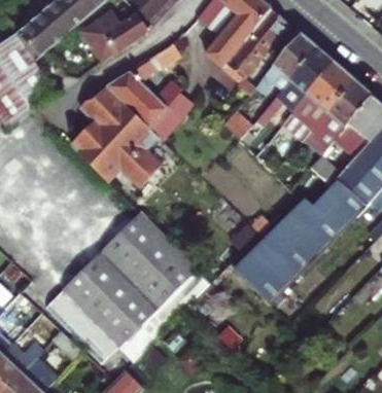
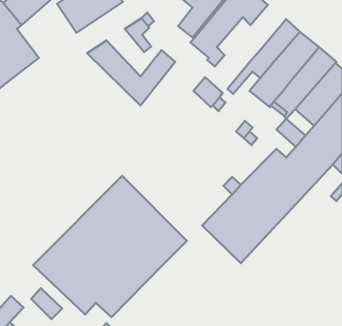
building: [254,32,318,92] -> none
building: [72,86,174,193] -> none

